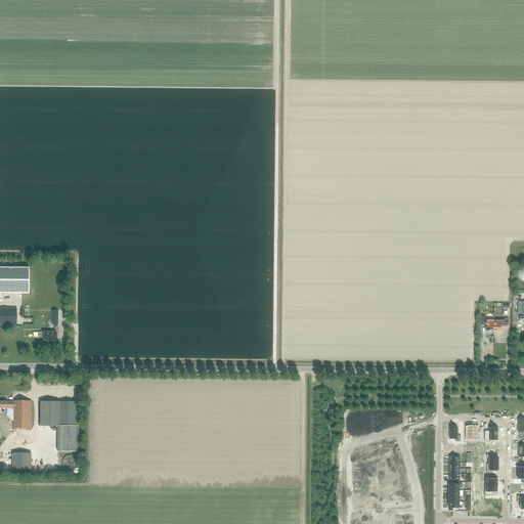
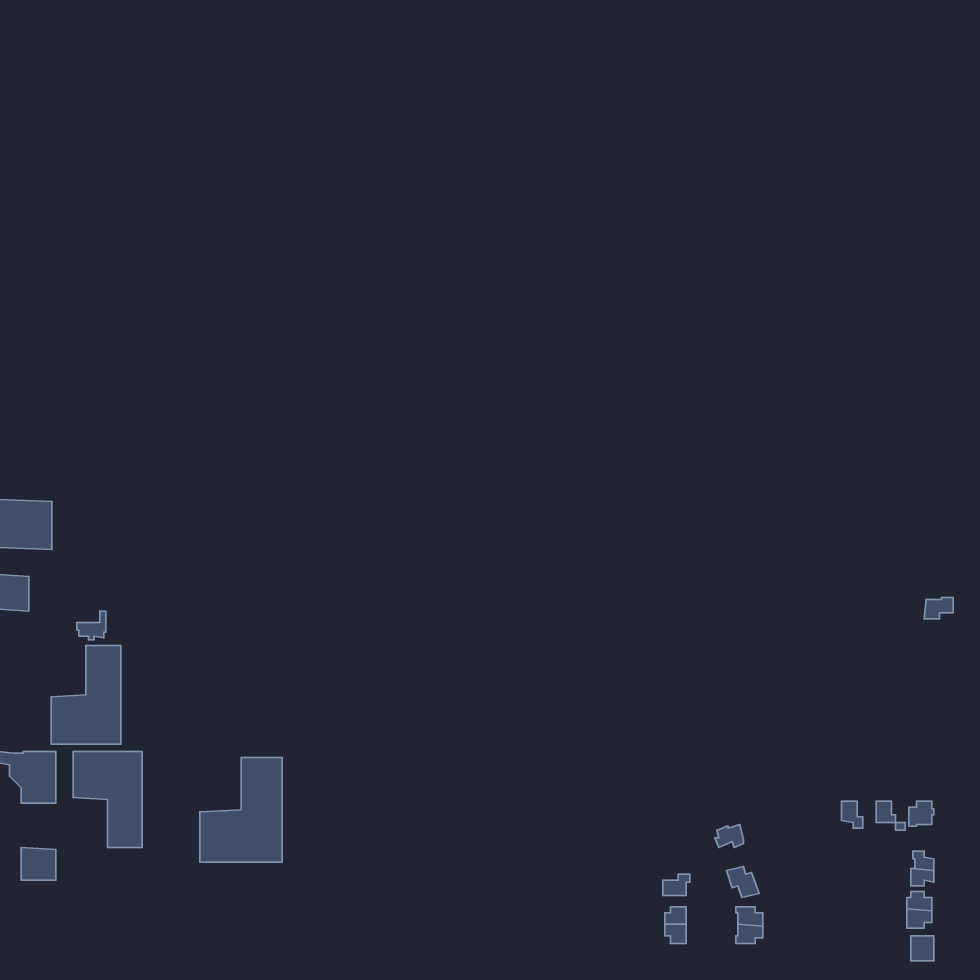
building: none -> [51,645,121,744]
building: none -> [200,757,282,862]

